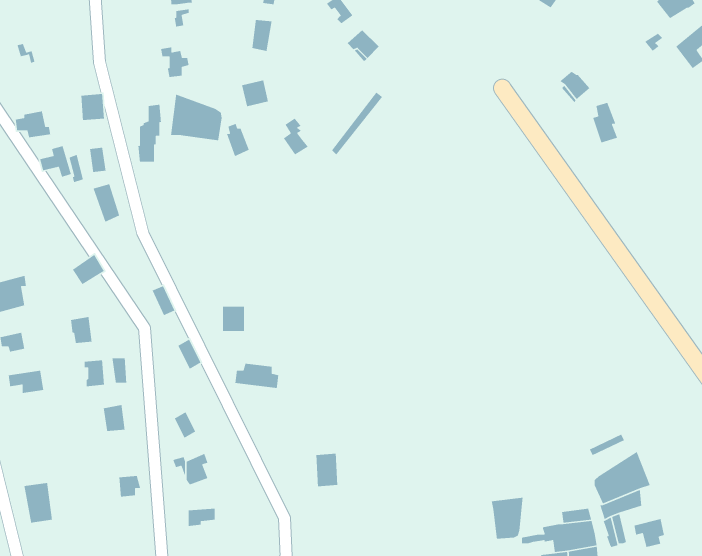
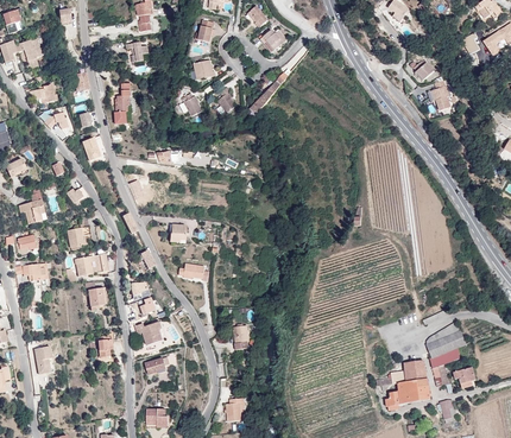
building: [170,93,223,141] -> none
building: [491,497,523,540] -> none

